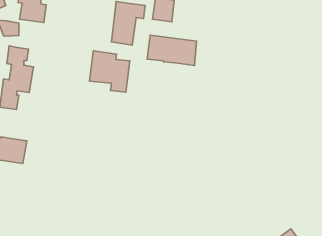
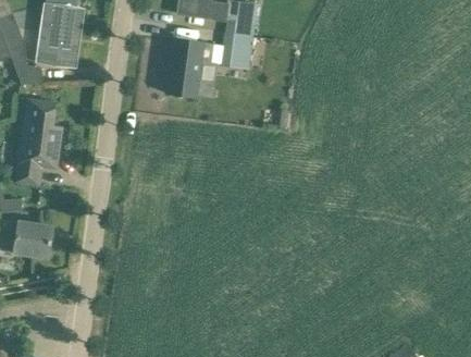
building: [147,35,197,65] -> none
building: [90,51,130,92] -> none

